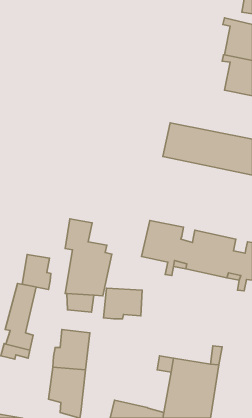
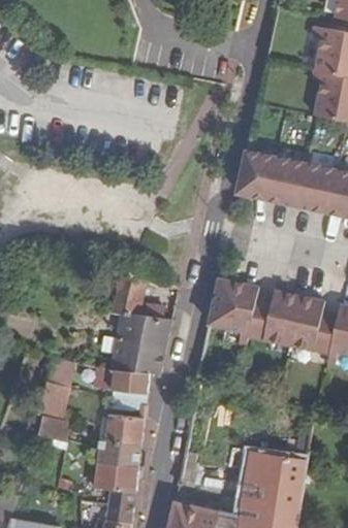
building: [22,255,51,289] -> none
building: [103,288,142,319] -> none

